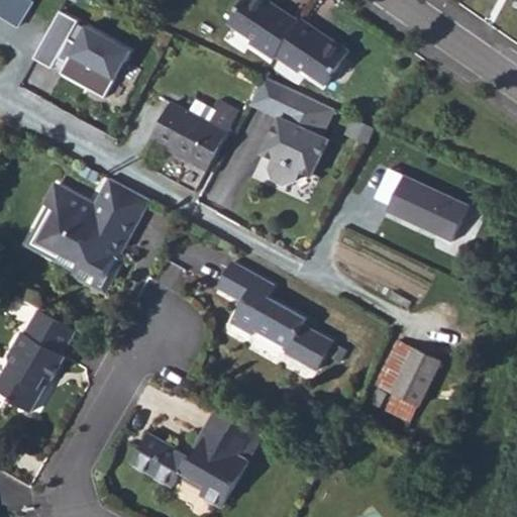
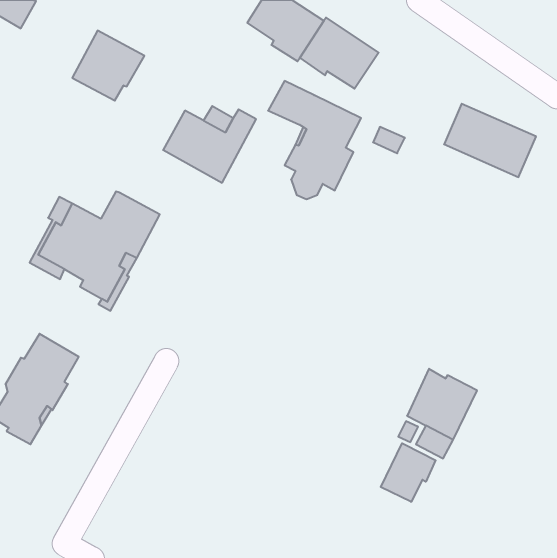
building: [33,12,76,69] -> none
building: [386,175,471,242] -> [444,104,536,177]
building: [215,262,330,370] -> none
building: none -> [381,443,436,502]
building: [127,417,250,510] -> none

